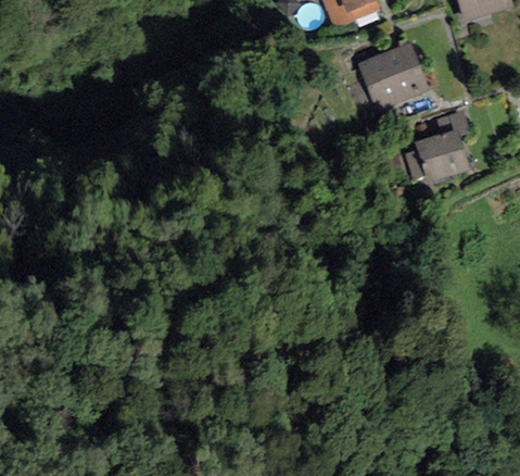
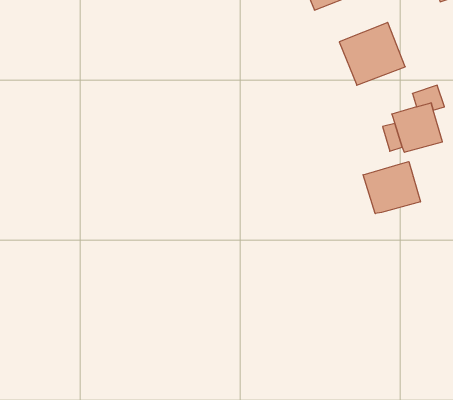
building: none -> [363,162,420,214]

